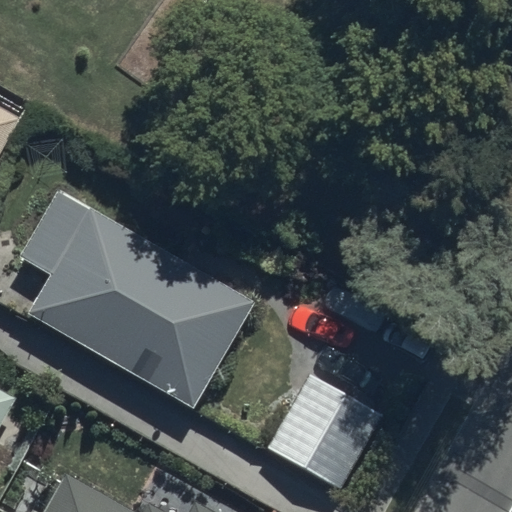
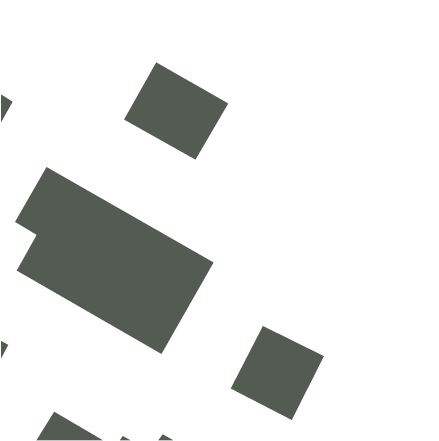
building: none -> [123,61,229,161]

